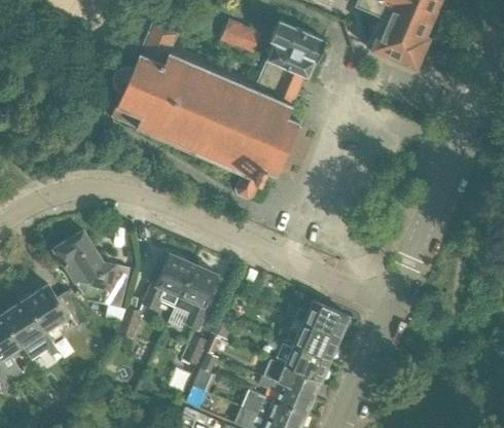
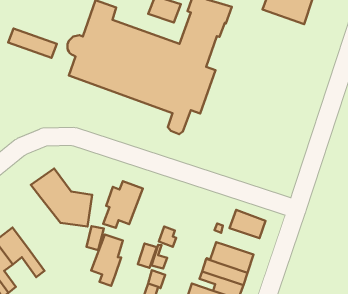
building: none -> [8,29,57,58]
building: [174,264,217,330] -> [91,235,123,286]
building: [25,286,69,333] -> none
building: [293,323,338,359] -> none

